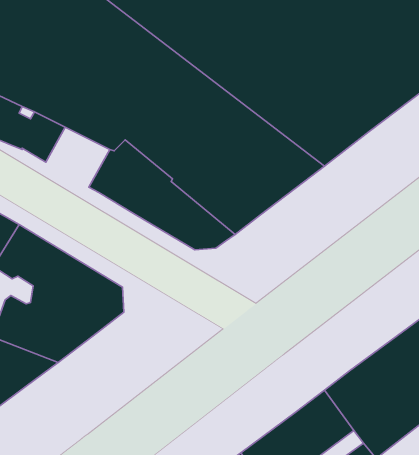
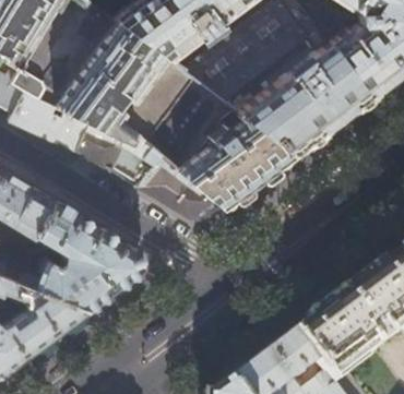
building: none -> [75,126,126,172]

